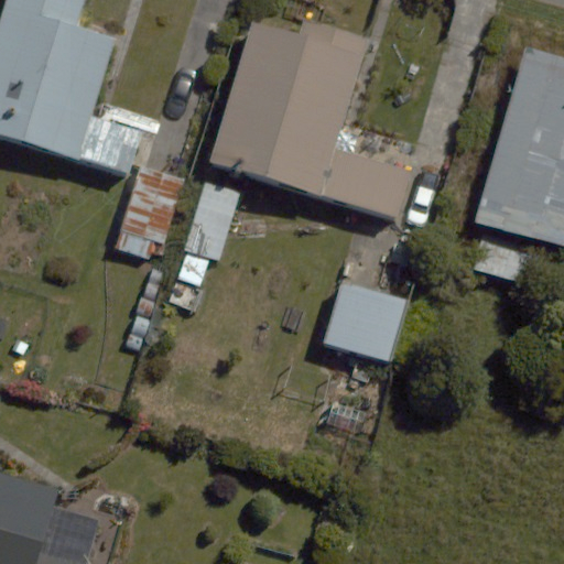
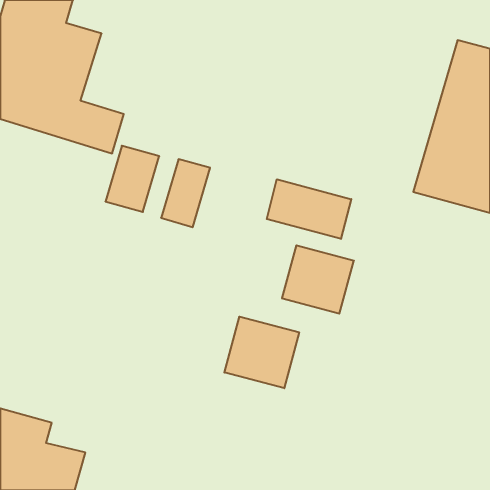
building: [207,21,410,219] -> none
building: none -> [267,179,351,239]
building: none -> [224,317,299,388]

